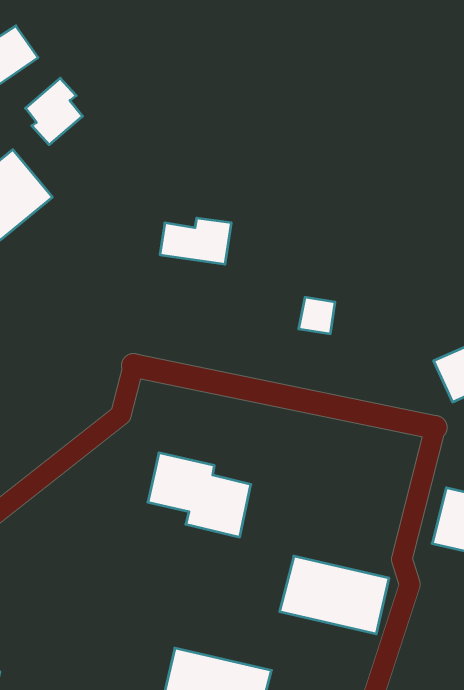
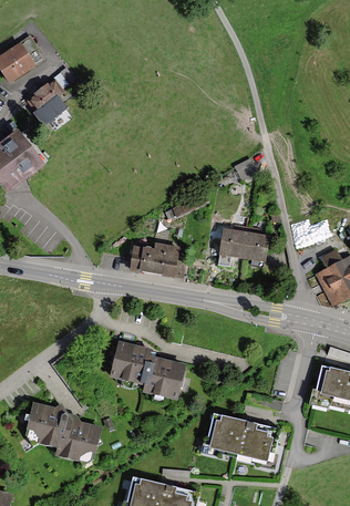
building: [160,218,231,264] -> [128,242,178,275]
building: none -> [241,234,267,259]
building: none -> [27,401,100,459]

